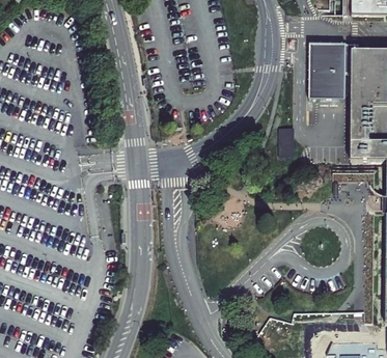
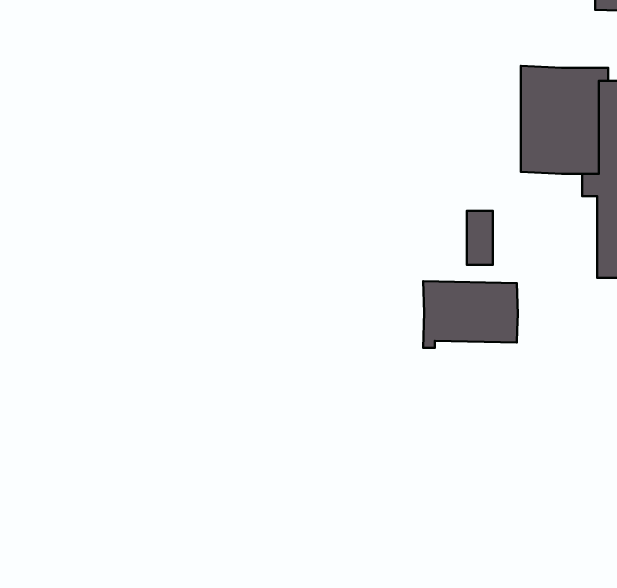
building: none -> [423,281,518,348]

